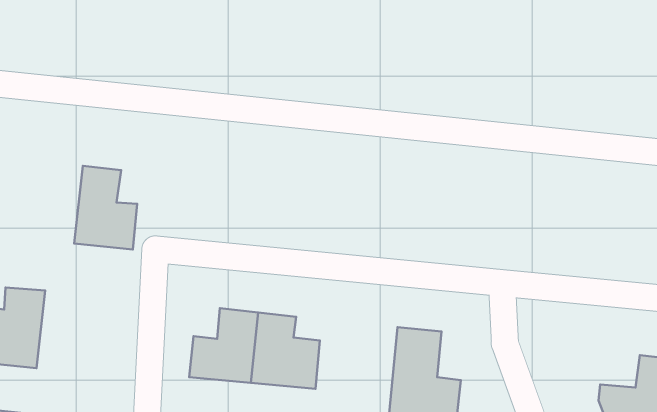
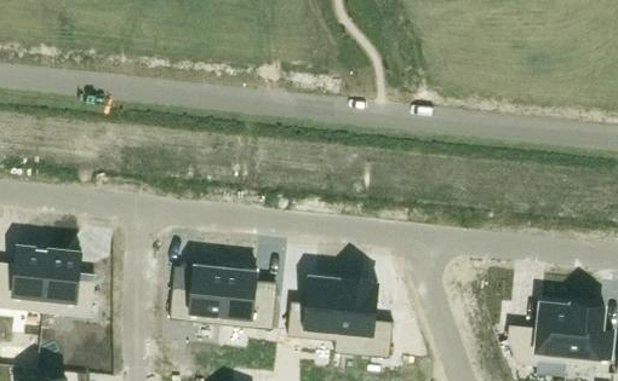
building: [74,166,137,249] -> [42,248,95,317]
building: none -> [286,275,341,340]

